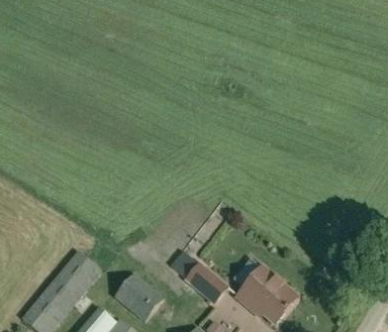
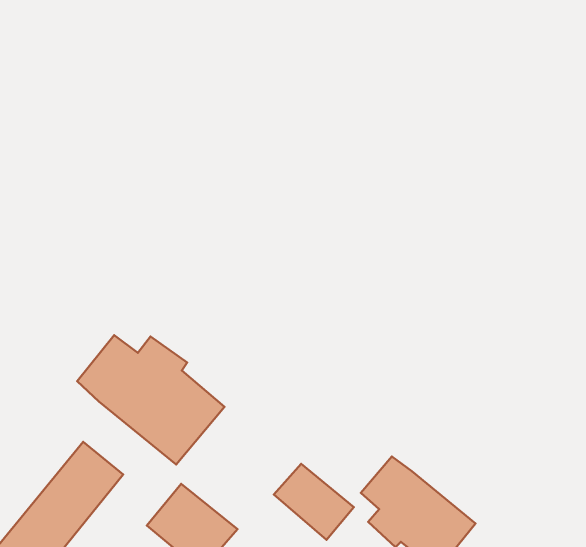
building: none -> [77,335,224,465]

